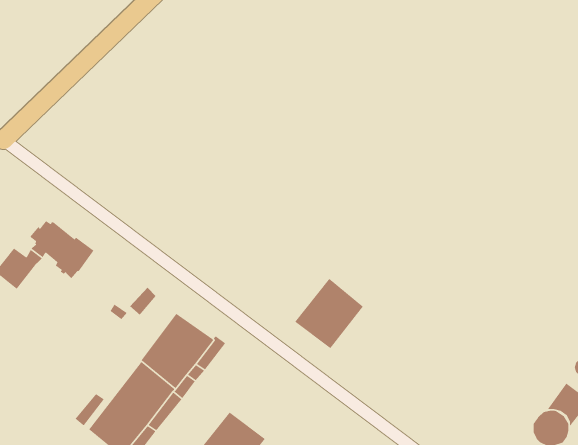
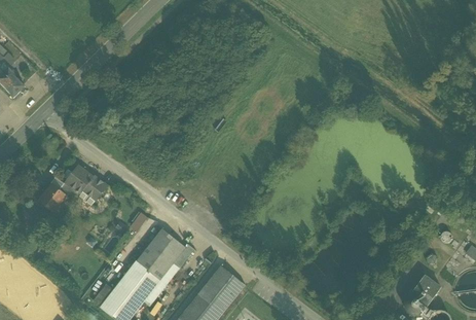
building: [294,278,364,349] -> [196,264,244,313]

